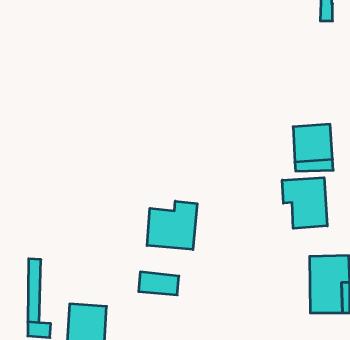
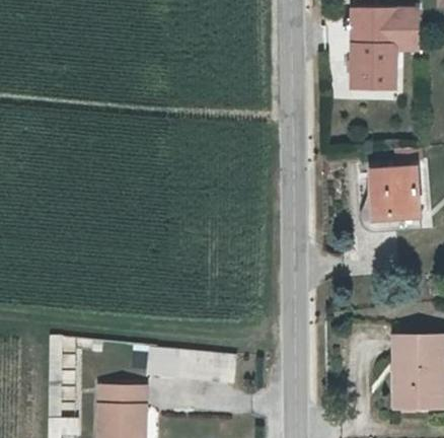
building: none -> [352,23,399,87]
building: [282,178,327,228] -> none
building: [147,201,197,250] -> none

